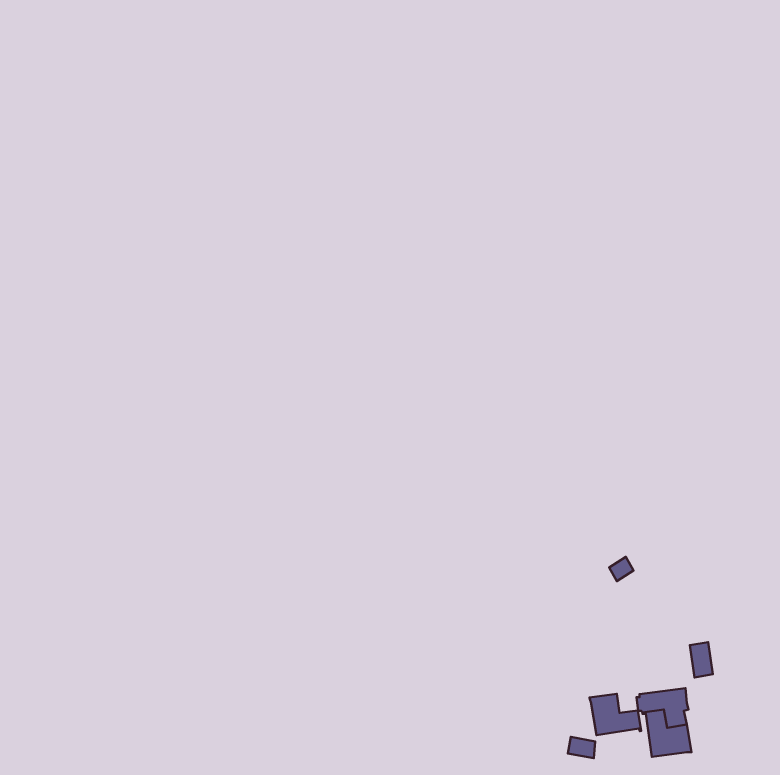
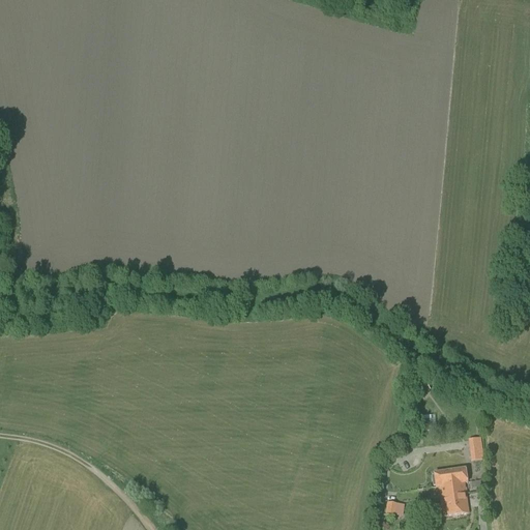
building: [589,694,641,735] -> none

